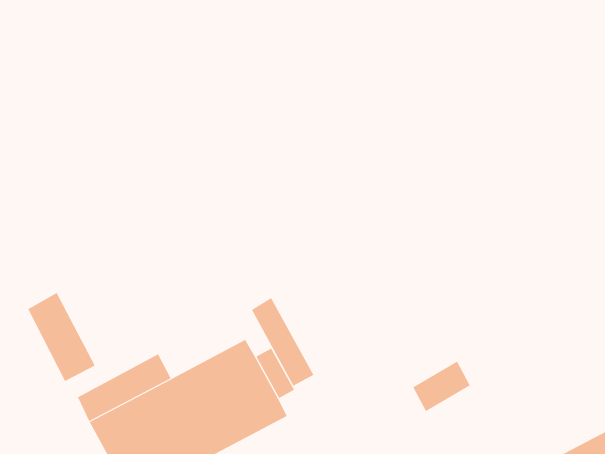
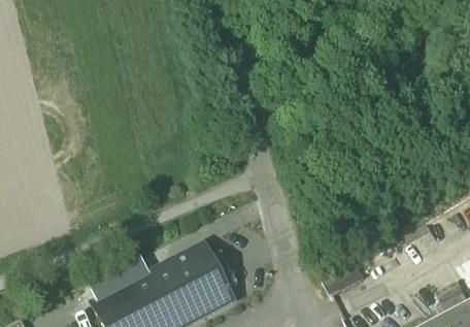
building: [27,292,95,382] -> none
building: [251,297,314,387] -> none

